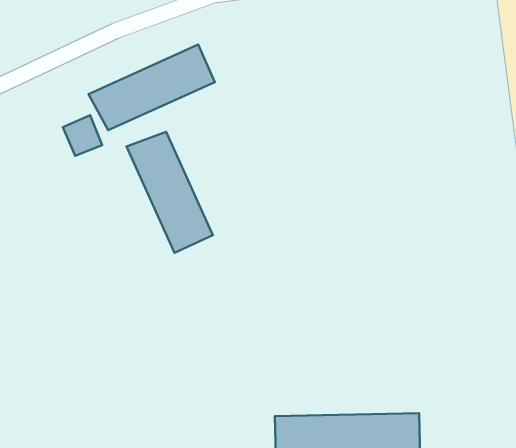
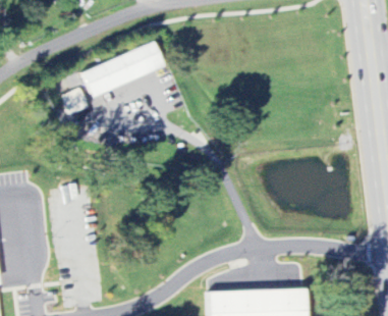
building: [127,132,213,253] -> none

